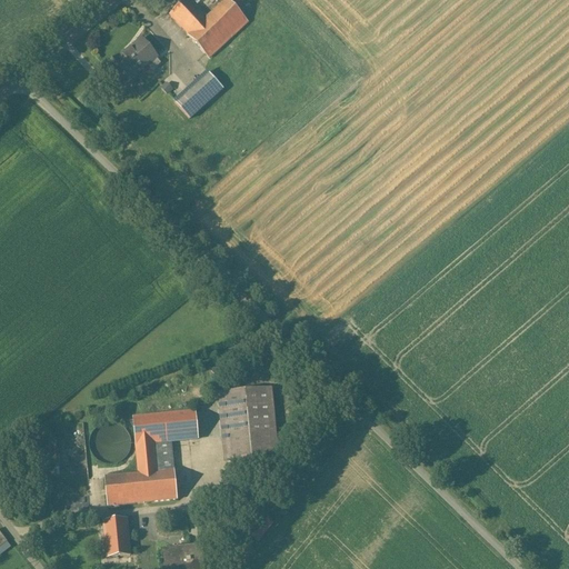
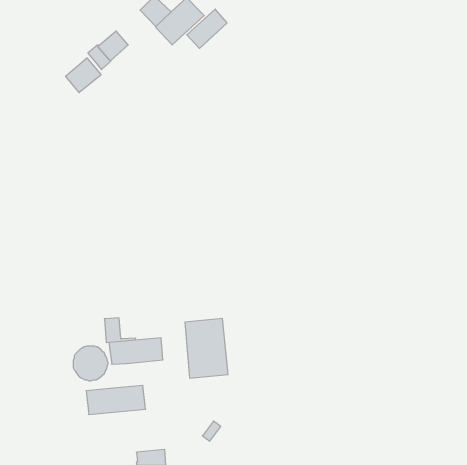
building: [174,69,223,117] -> [187,9,227,48]
building: none -> [66,58,101,93]
building: [137,441,174,471] -> [104,318,136,343]
building: [104,517,131,556] -> none

